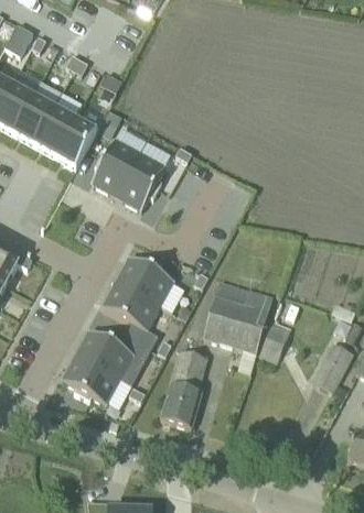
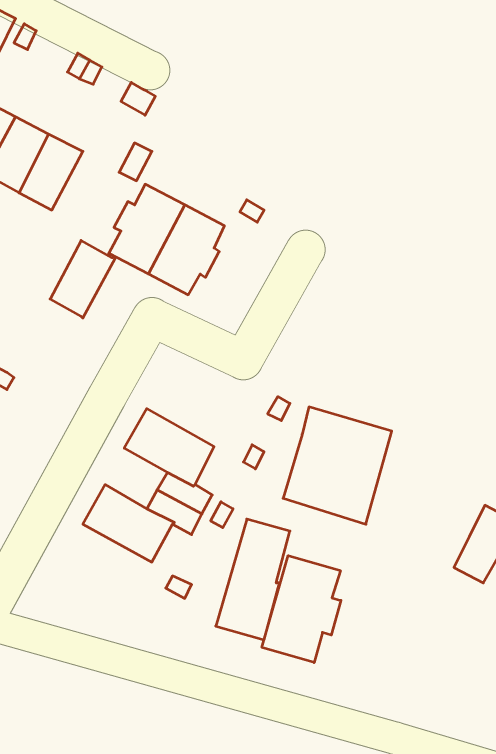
building: [55,117,97,166] -> [50,240,116,318]
building: [116,255,173,305] -> none
building: [258,319,291,362] -> none
building: [62,354,119,404] -> none
building: none -> [262,556,341,663]

